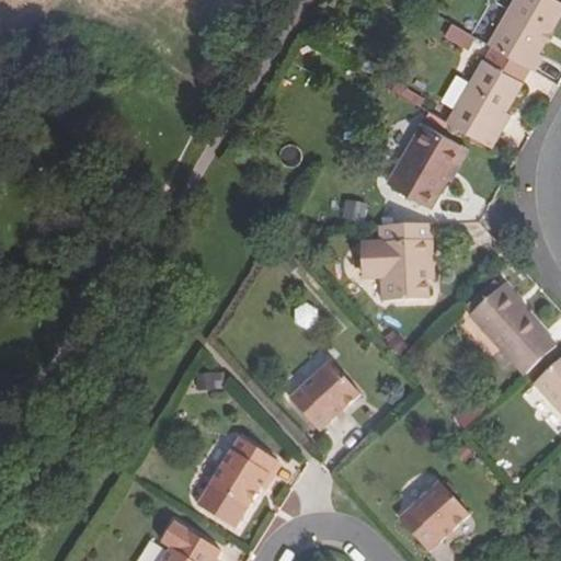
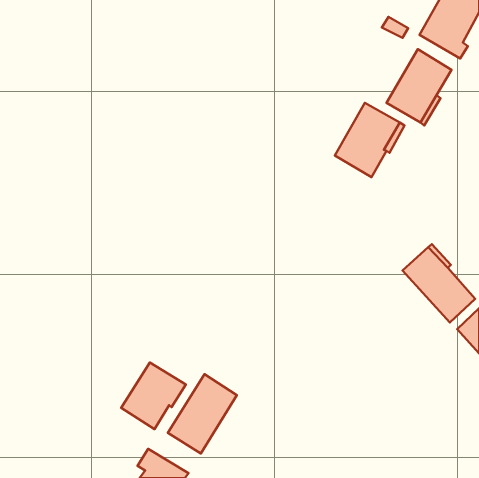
building: [380,221,433,300] -> none
building: [286,362,358,431] -> none
building: none -> [121,362,186,429]
building: [397,481,468,551] -> none

